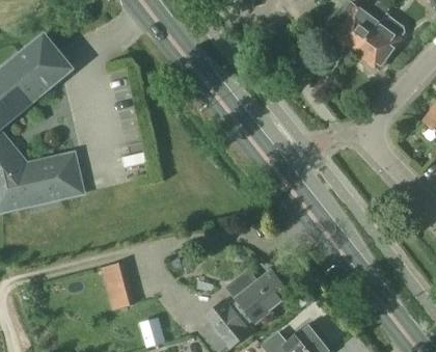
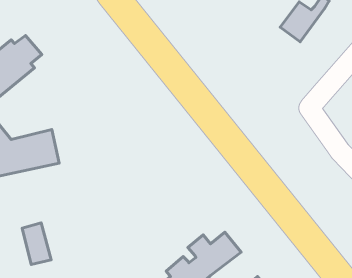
building: [357,15,404,69] -> none
building: [103,263,136,310] -> [22,223,51,264]

